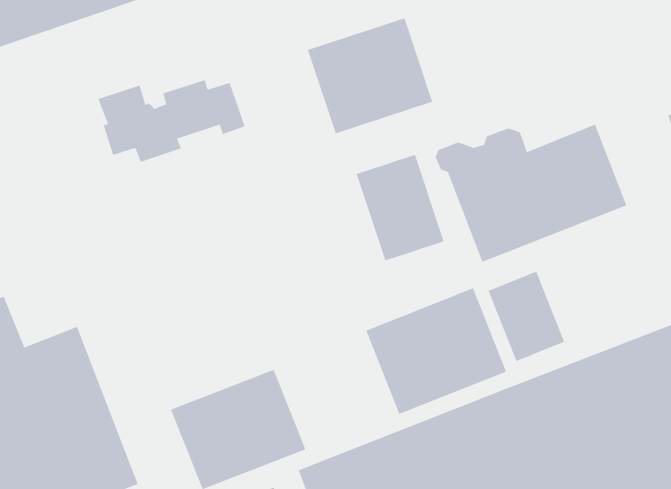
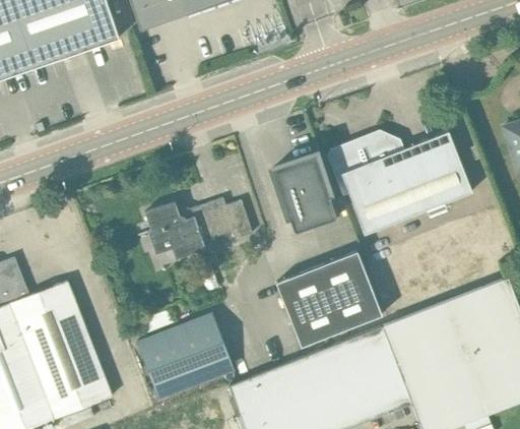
building: [307,18,433,134] -> none
building: [97,79,246,163] -> [143,197,252,258]
building: [488,271,565,362] -> none

